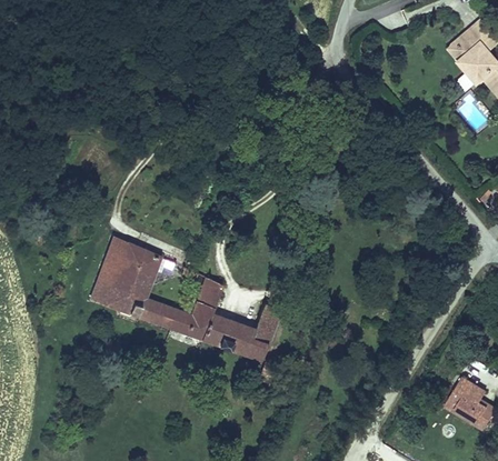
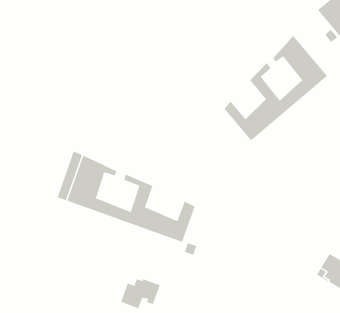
building: none -> [224,35,328,141]
building: none -> [121,278,161,309]

